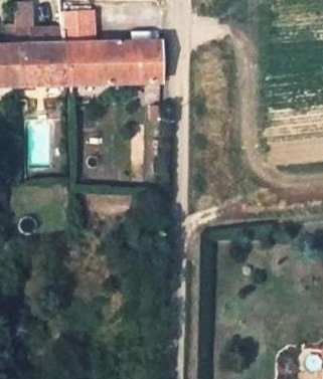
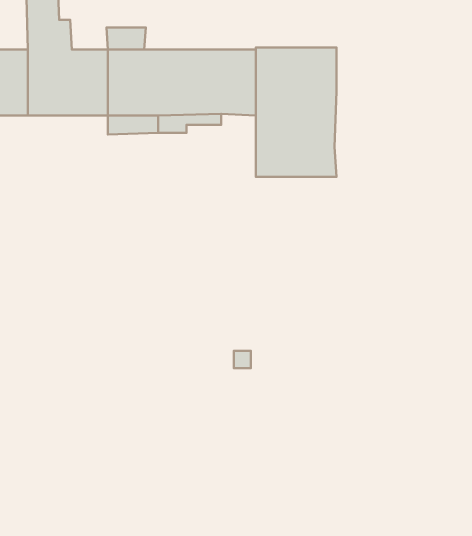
building: none -> [256,48,337,177]

